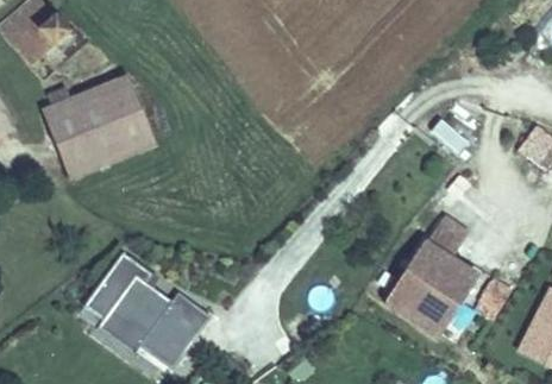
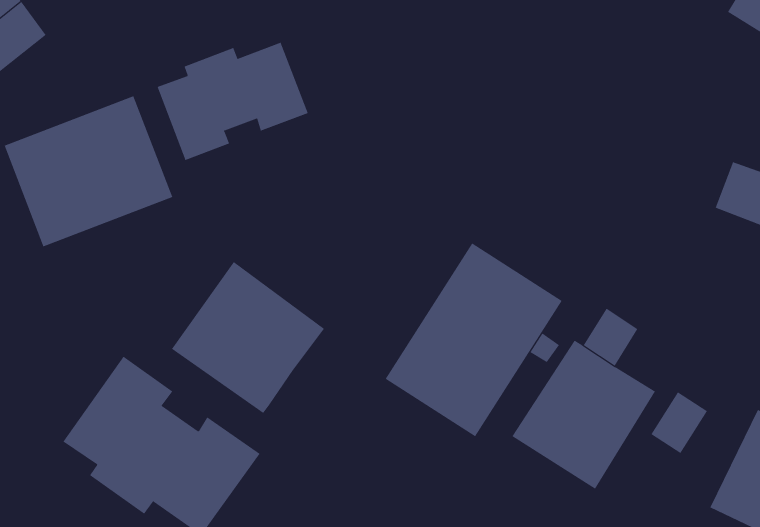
building: none -> [157,42,309,161]
building: none -> [385,242,563,437]
building: none -> [171,261,325,414]

